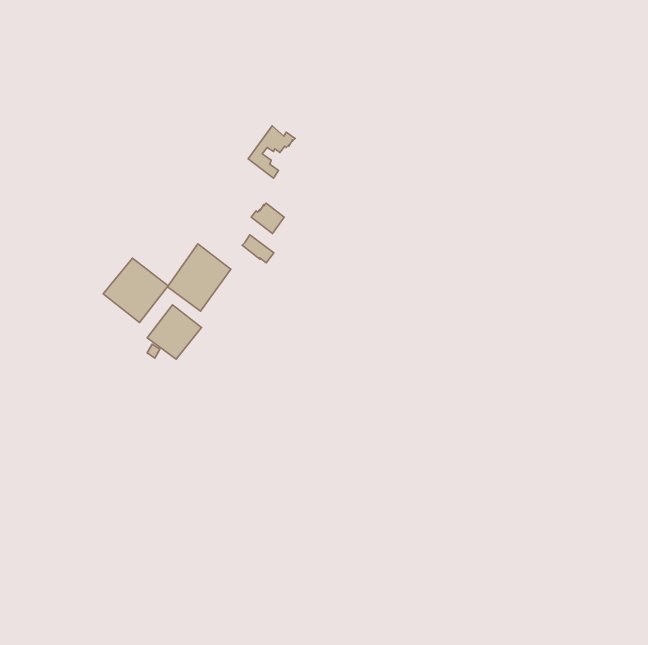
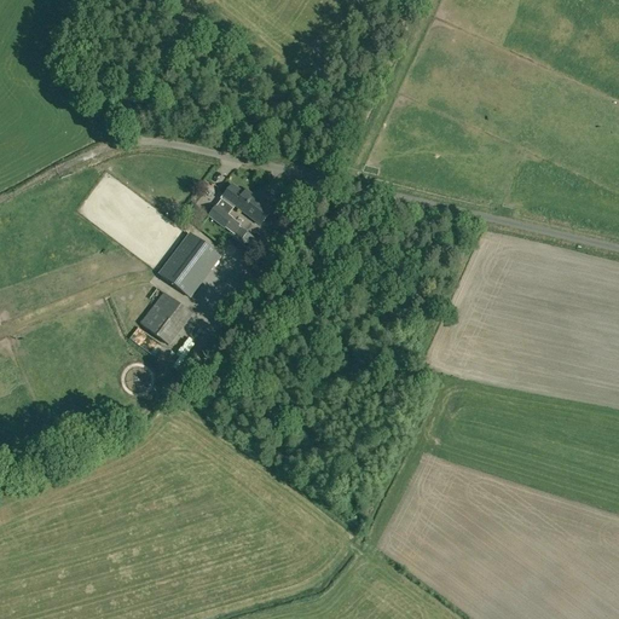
building: [248,126,295,178] -> [209,181,254,231]
building: [103,258,168,323] -> none

